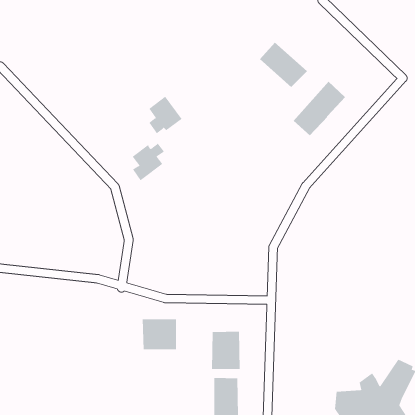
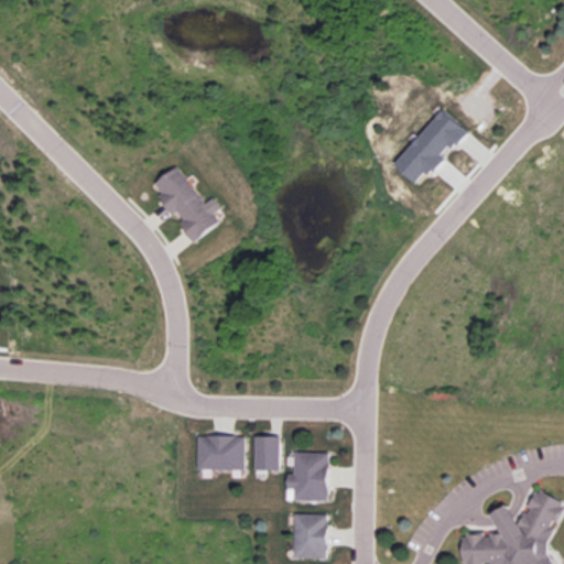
building: [259,42,308,88] -> none
building: [148,96,183,134] -> [156,166,203,218]
building: none -> [252,431,276,473]

